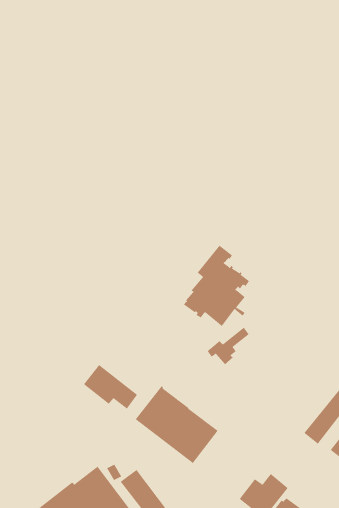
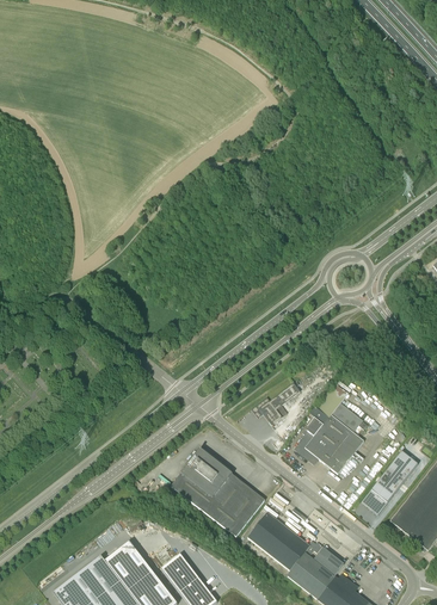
building: [183,245,250,327] -> [294,383,369,475]
building: [83,364,138,410] -> none
building: none -> [247,512,322,572]

